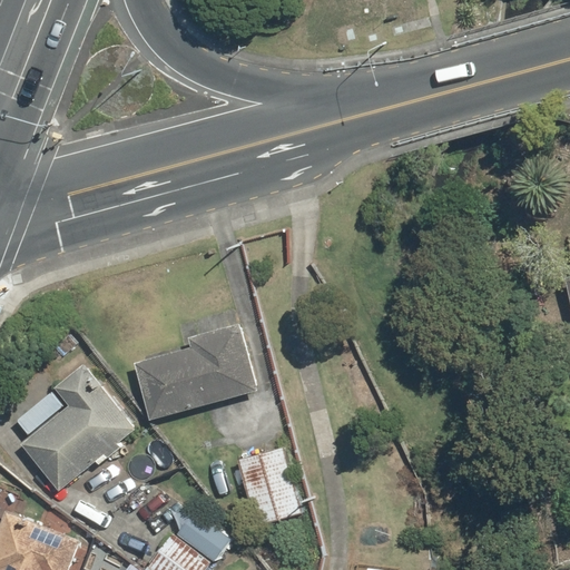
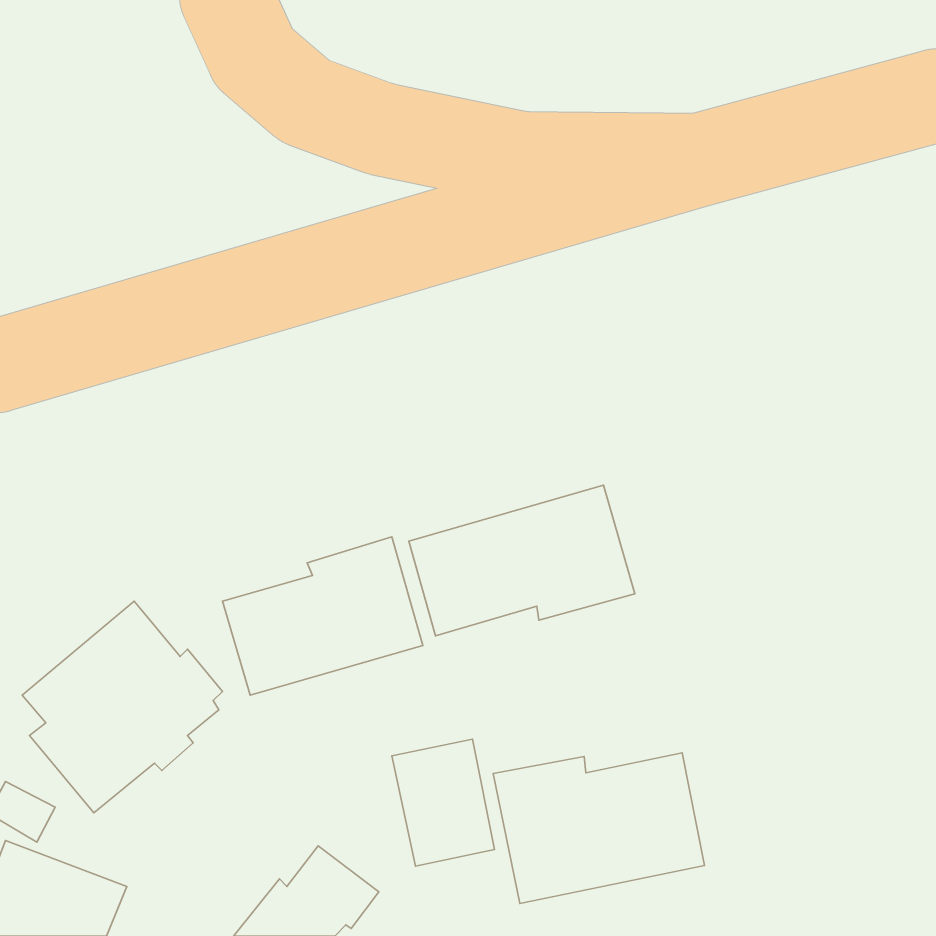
building: none -> [409,485,635,636]
building: none -> [493,753,704,904]

